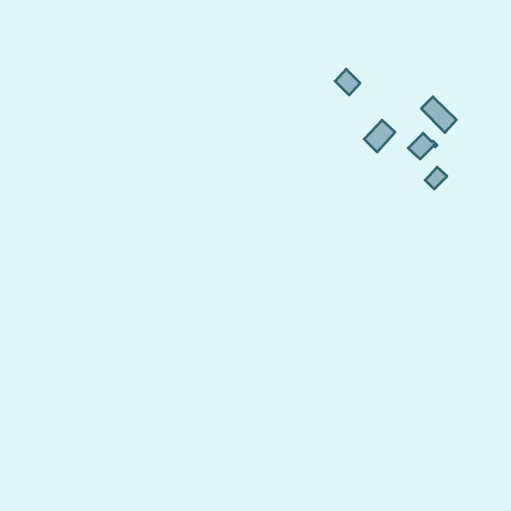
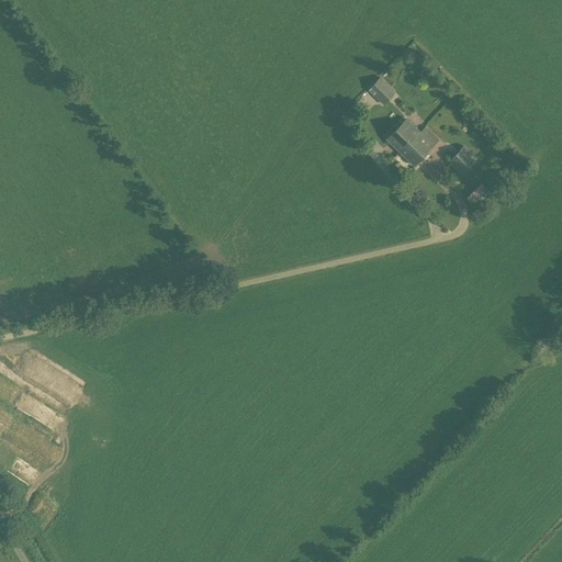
building: [421,97,456,133] -> none
building: none -> [386,119,419,153]

